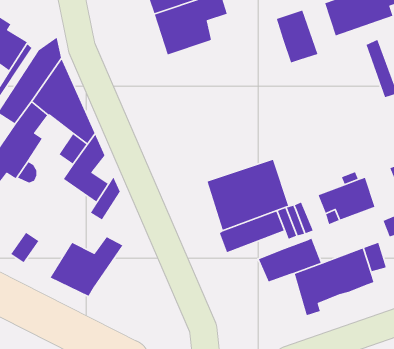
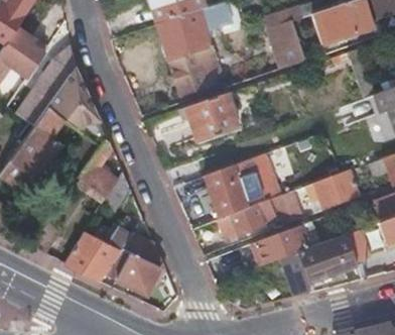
building: none -> [169,49,220,98]
building: none -> [184,93,238,143]
building: none -> [104,231,164,293]

